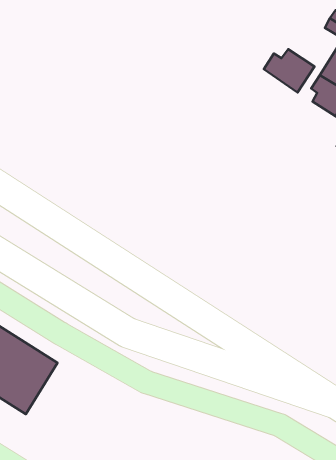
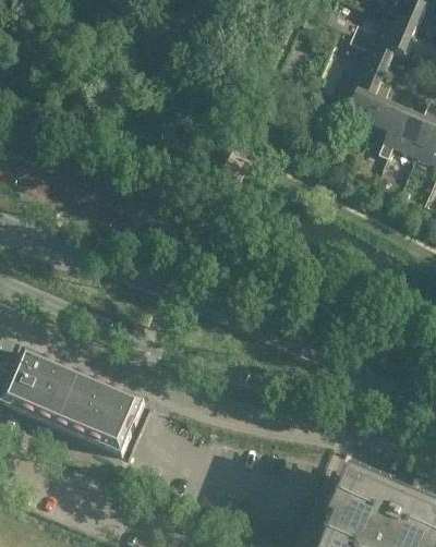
building: [264,49,315,93] -> none

